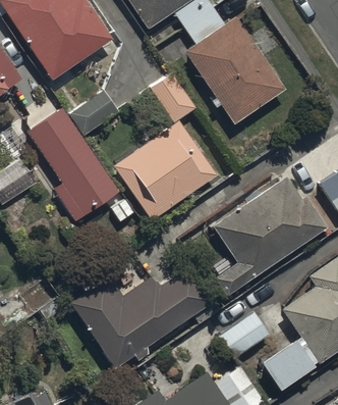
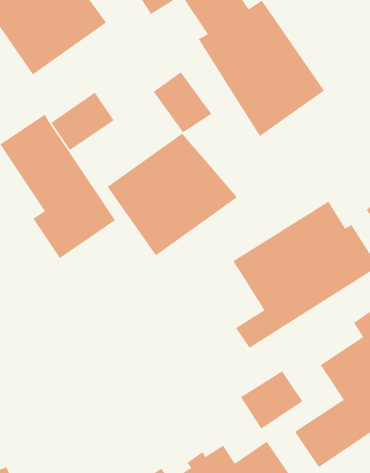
building: [70,266,215,367] -> none

